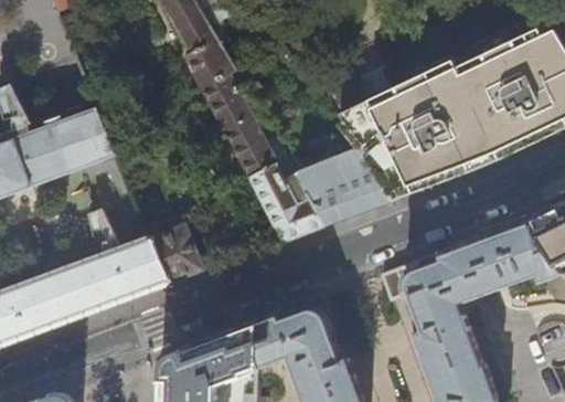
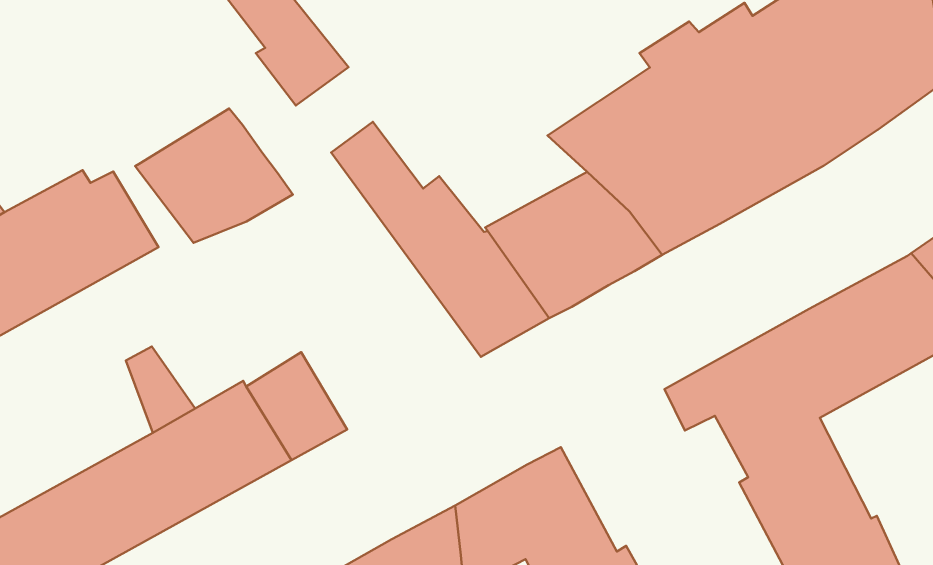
building: [201,72,242,117] -> none
building: none -> [135,109,293,243]

